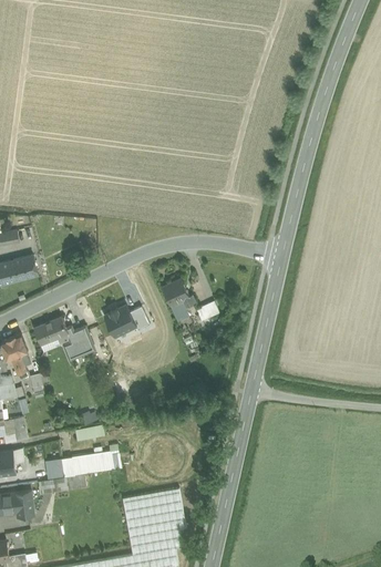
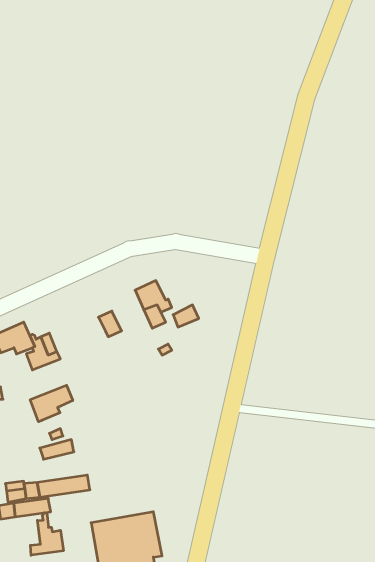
building: [104,305,135,334] -> none
building: none -> [30,385,73,422]
building: none -> [30,513,63,555]

